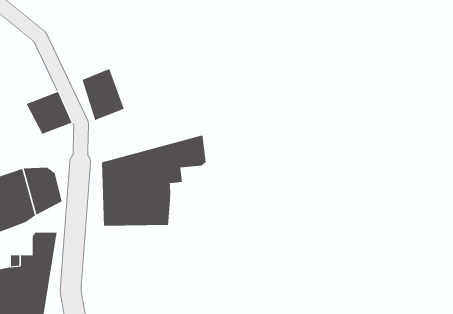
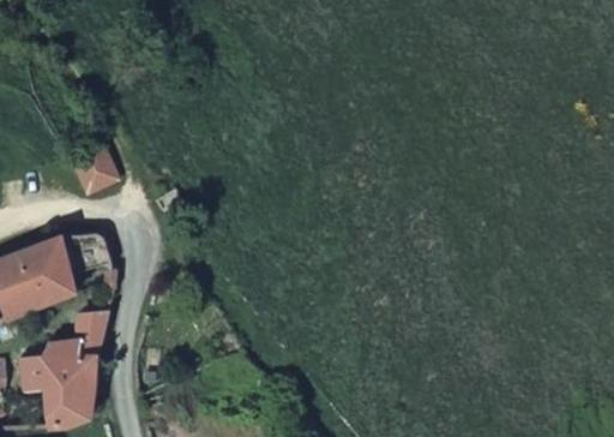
building: [82,68,124,121] -> none
building: [101,134,206,226] -> none

